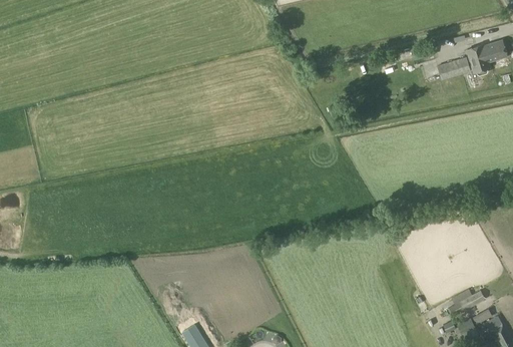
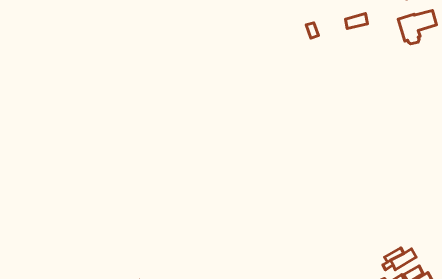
building: [436,57,469,79] -> none

